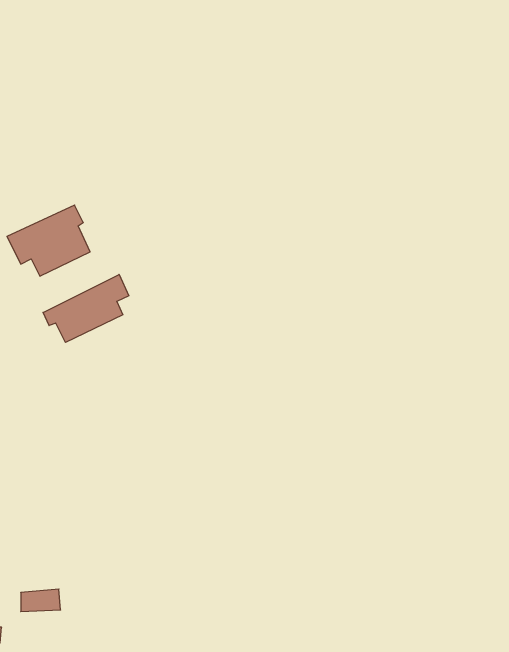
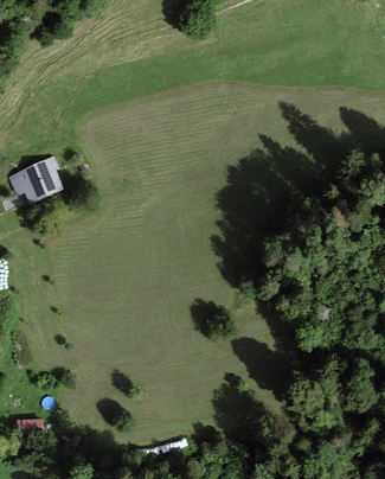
building: [43,274,129,342] -> none

